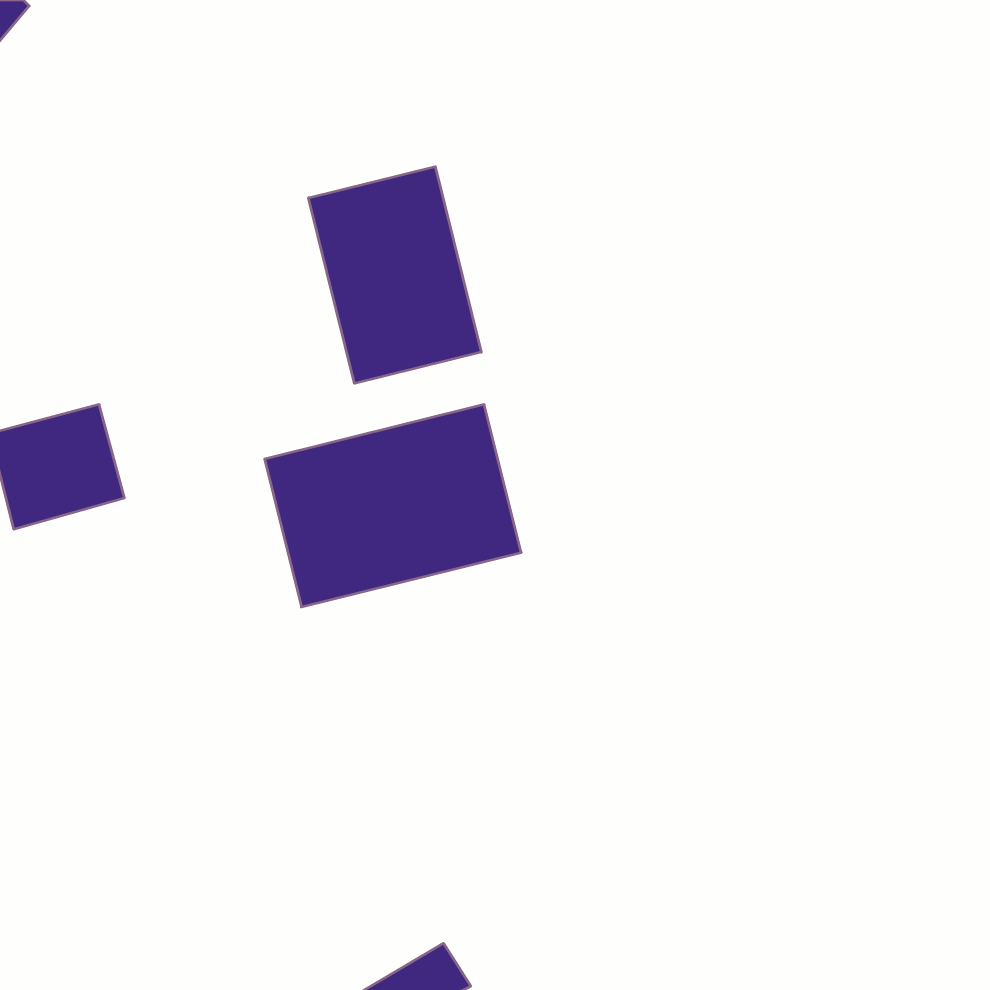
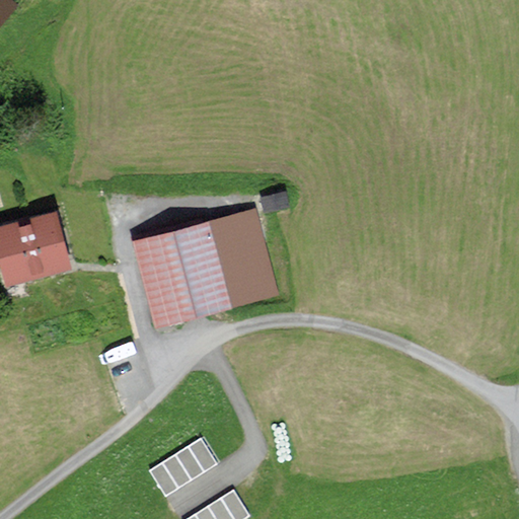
building: [309,167,481,383] -> none
building: none -> [152,442,213,494]

